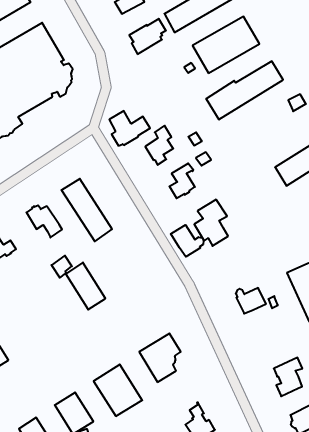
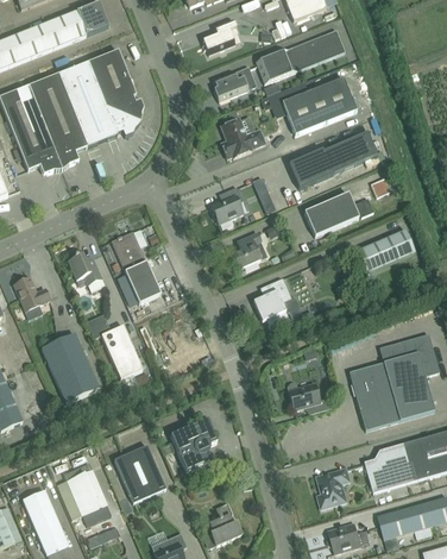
building: [109,111,150,146] -> [221,119,265,157]
building: none -> [304,193,358,235]
building: [171,225,203,257] -> none
building: none -> [42,333,99,402]

